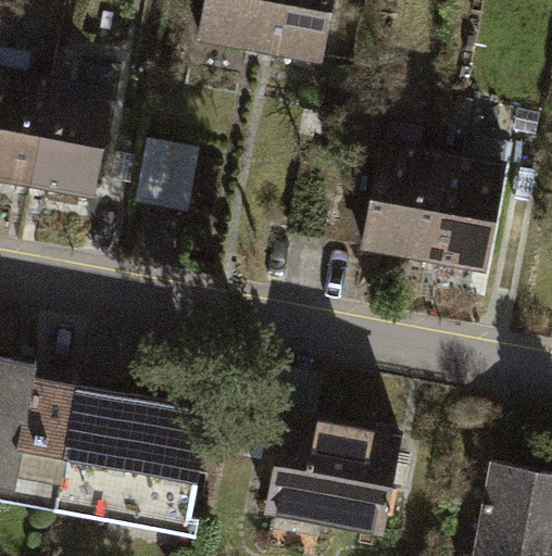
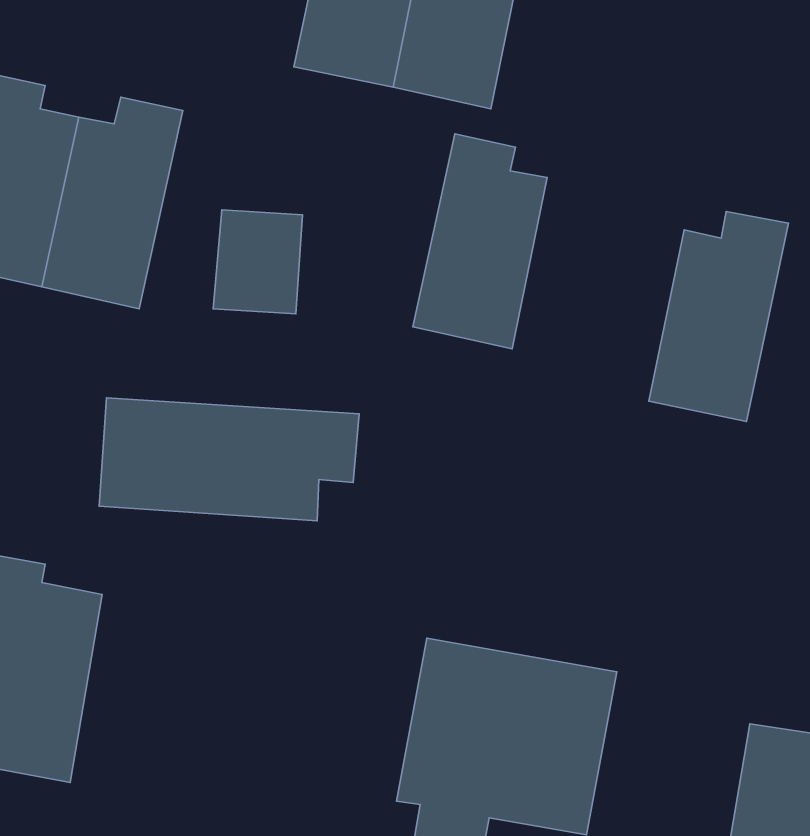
building: [357,124,444,263] -> [413,134,547,349]
building: none -> [99,398,359,521]
building: [48,388,204,532] -> none

